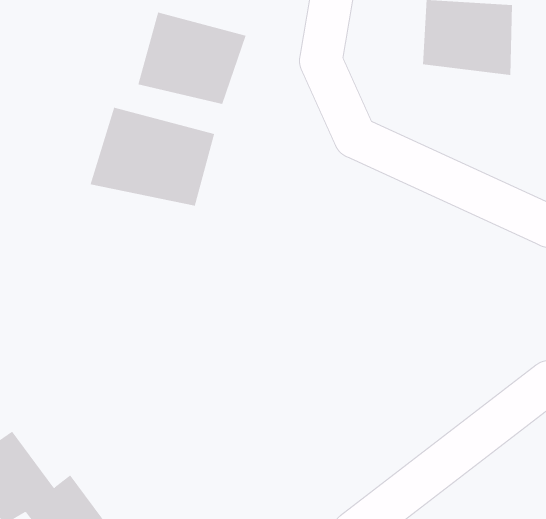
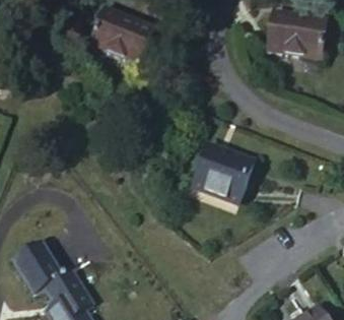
building: [90,107,215,206] -> none
building: none -> [191,136,249,192]

